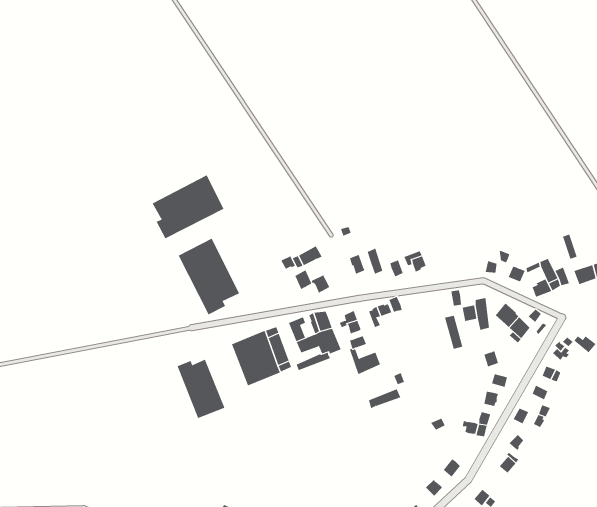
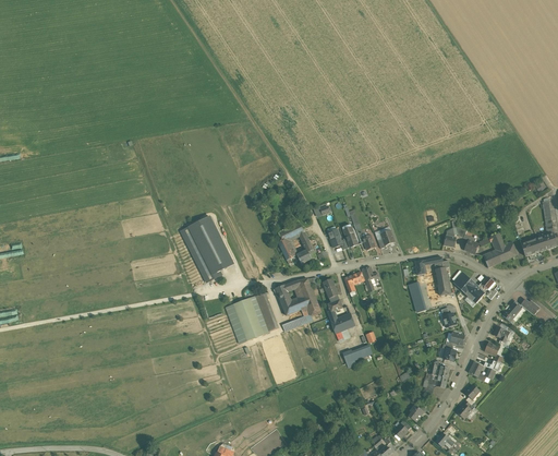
building: [152,175,224,239] -> none
building: [177,359,225,419] -> none

